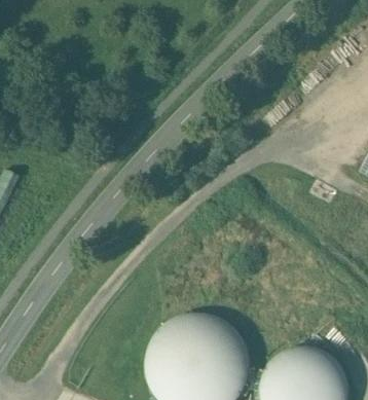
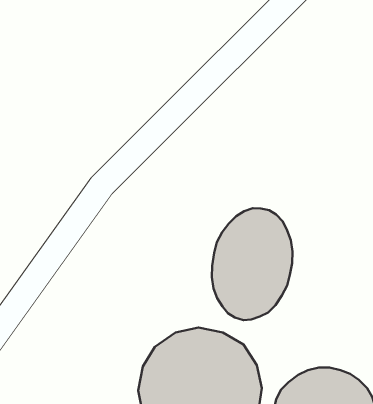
building: none -> [212,208,293,320]

